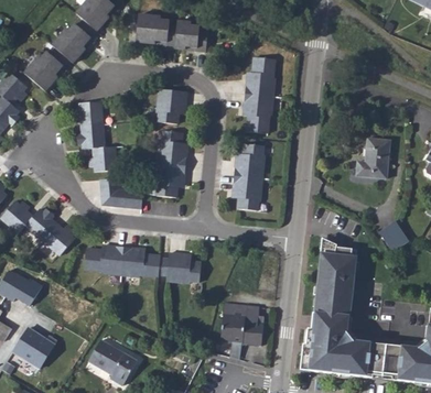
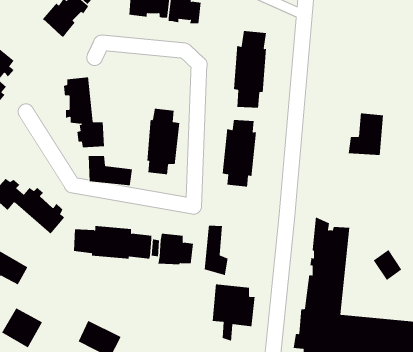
building: [26,47,73,91] -> none
building: [157,88,187,122] -> none
building: [378,220,407,251] -> [373,249,402,281]
building: none -> [204,225,228,276]

